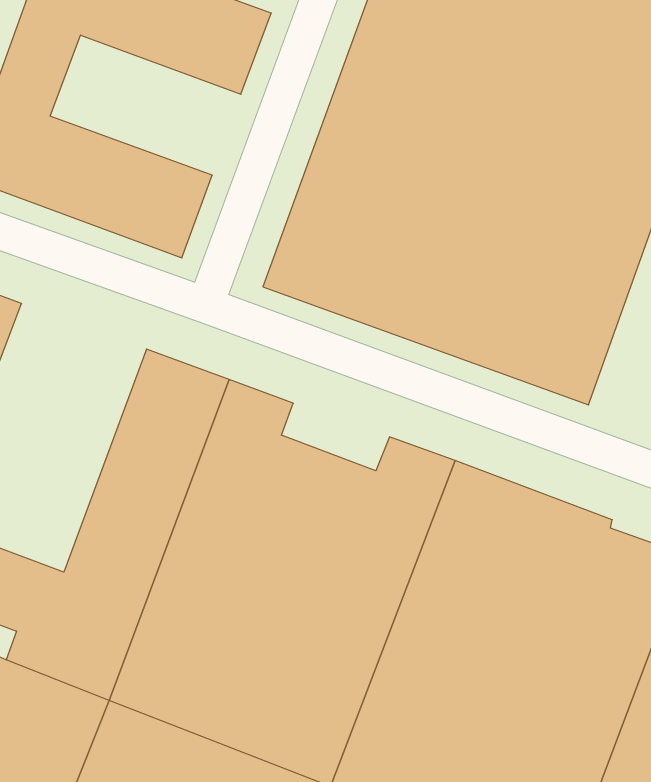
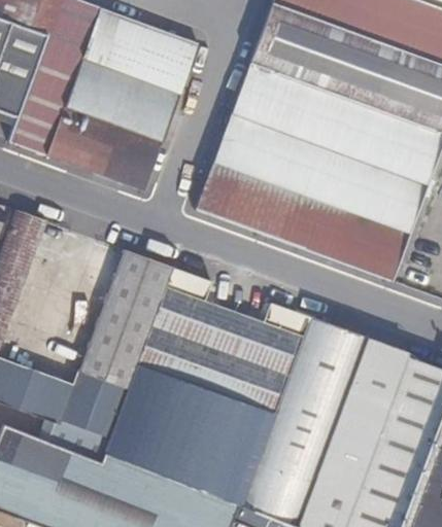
building: none -> [65,58,181,143]

